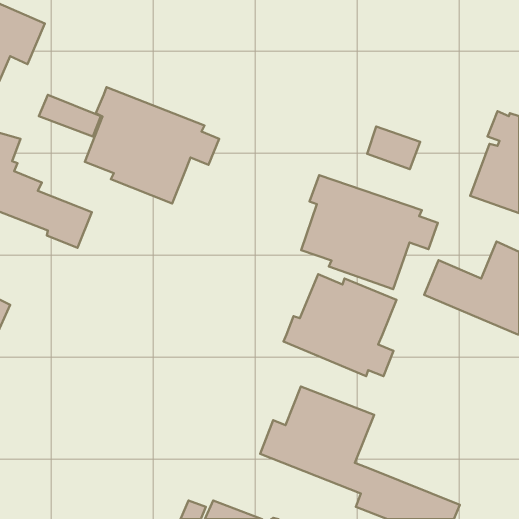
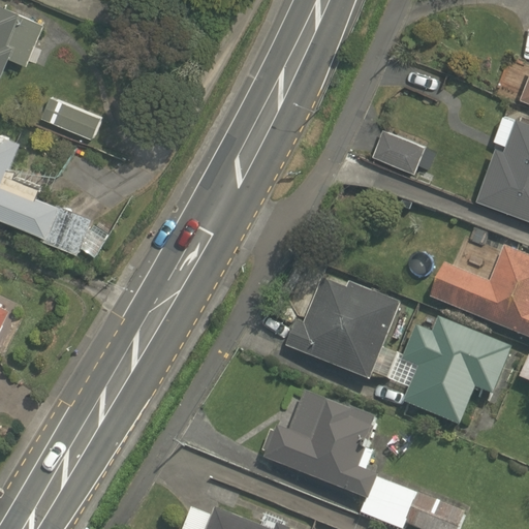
building: [85,87,219,204] -> none
building: [301,175,438,289] -> none
building: none -> [393,317,514,427]

